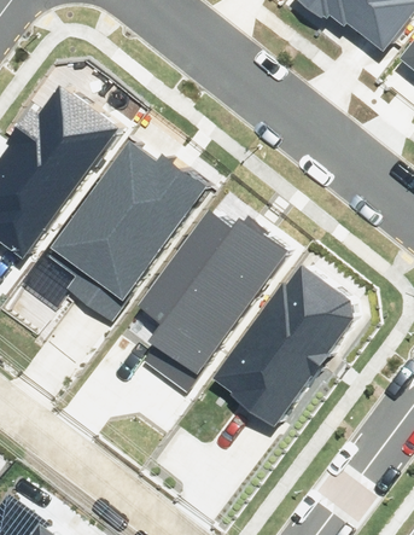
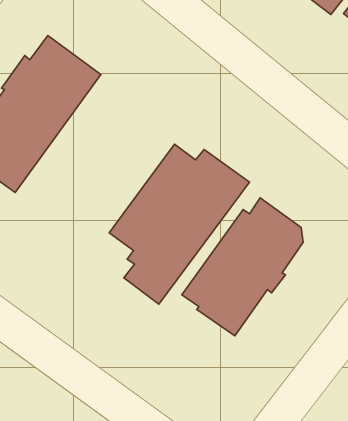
building: [49,141,212,319] -> none

